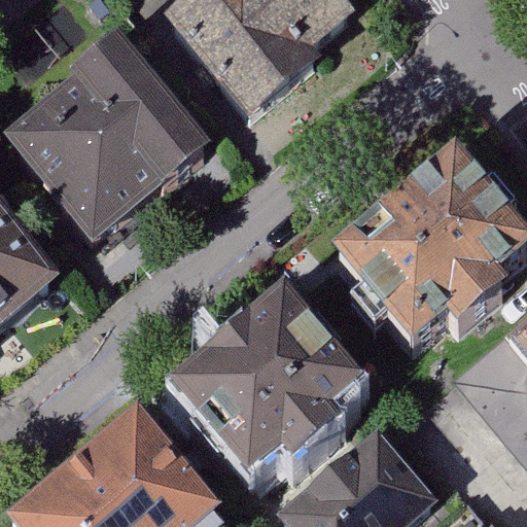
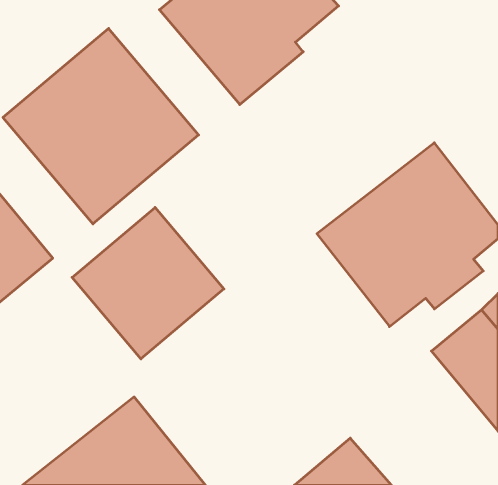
building: none -> [72,207,224,359]
building: [171,285,364,481] -> none

